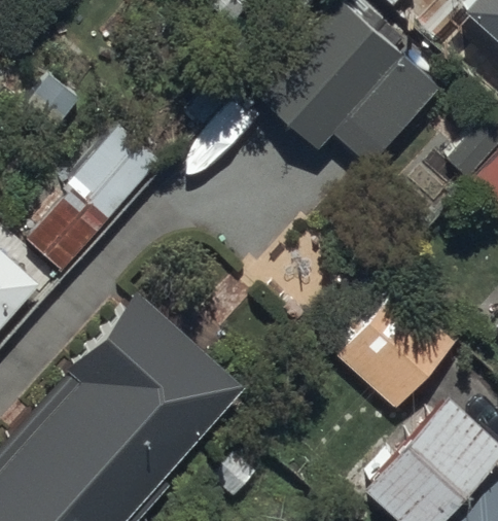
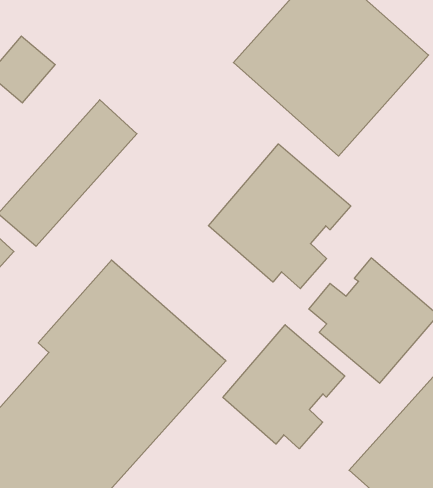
building: none -> [208,144,351,289]
building: none -> [223,325,345,449]

